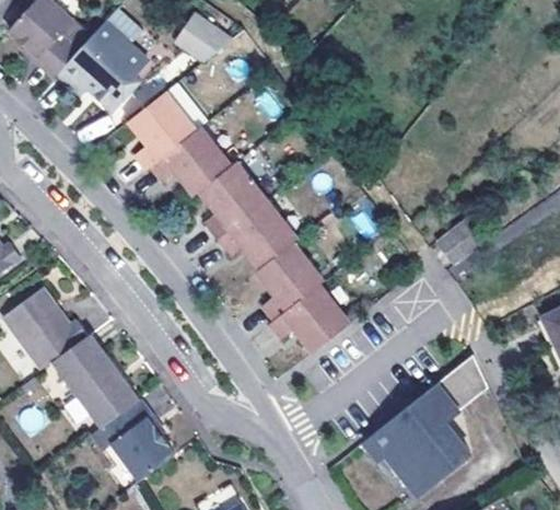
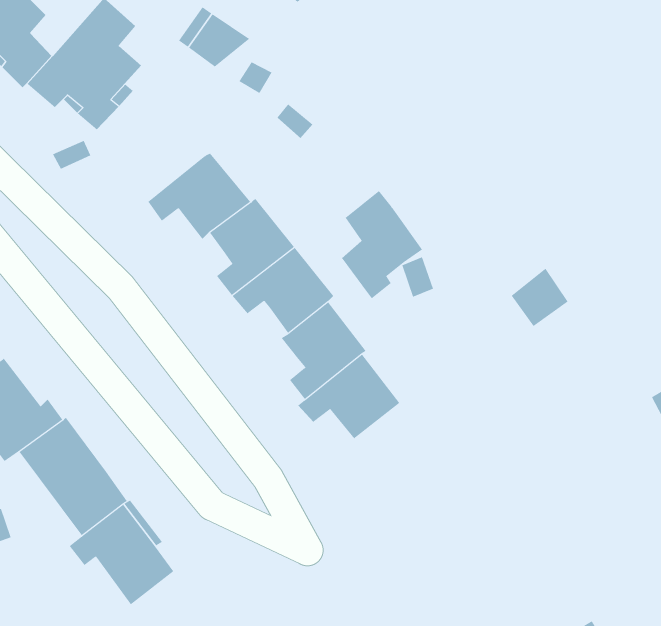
building: [130,92,198,171] -> none
building: none -> [341,190,423,299]
building: [362,352,488,490] -> none

